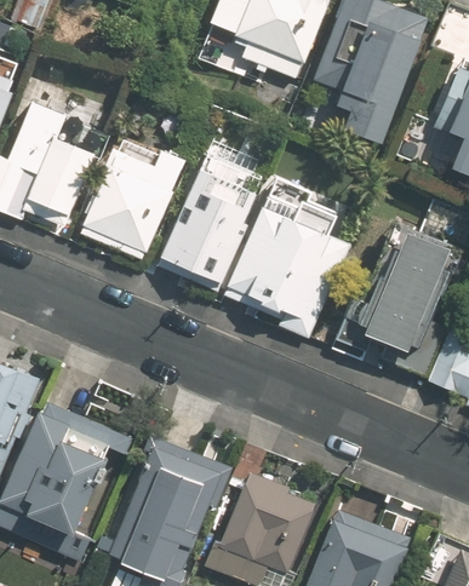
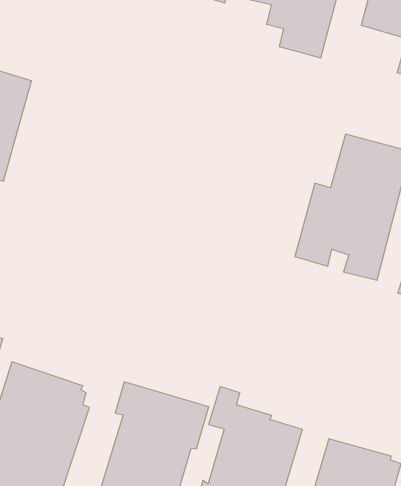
building: [74,148,181,259] -> none
building: [161,174,261,291] -> none
building: [228,207,347,335] -> none

